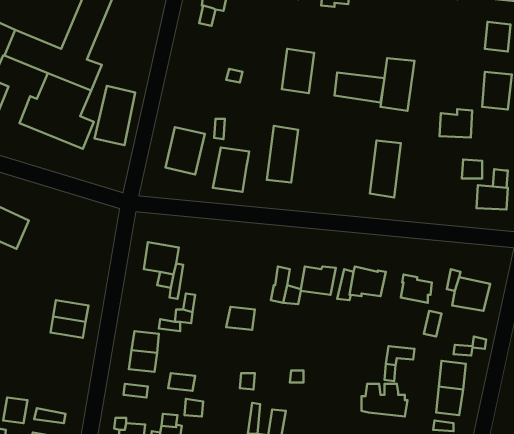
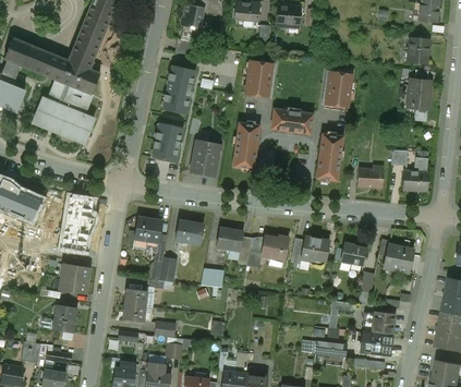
building: [334,73,385,102] -> [271,109,312,133]
building: [95,86,135,145] -> [162,65,195,113]
building: [440,109,472,138] -> [356,165,383,188]
building: none -> [61,196,95,251]
building: none -> [174,220,203,243]
building: none -> [216,227,243,251]
building: none -> [52,304,76,331]

